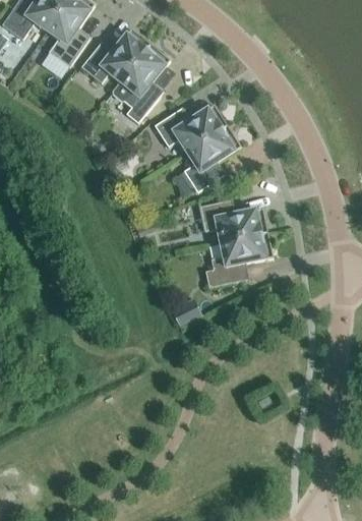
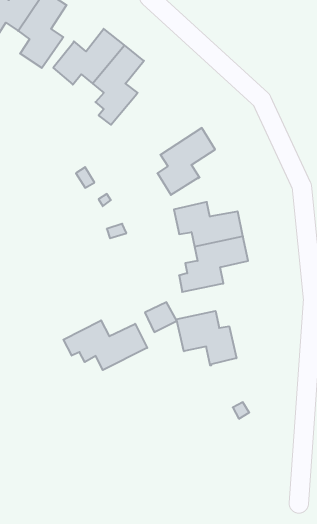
building: [153,105,226,153] -> none
building: none -> [177,311,236,365]
building: none -> [63,320,147,370]

